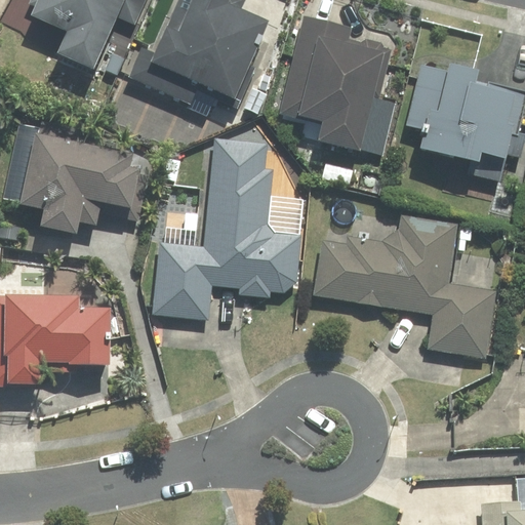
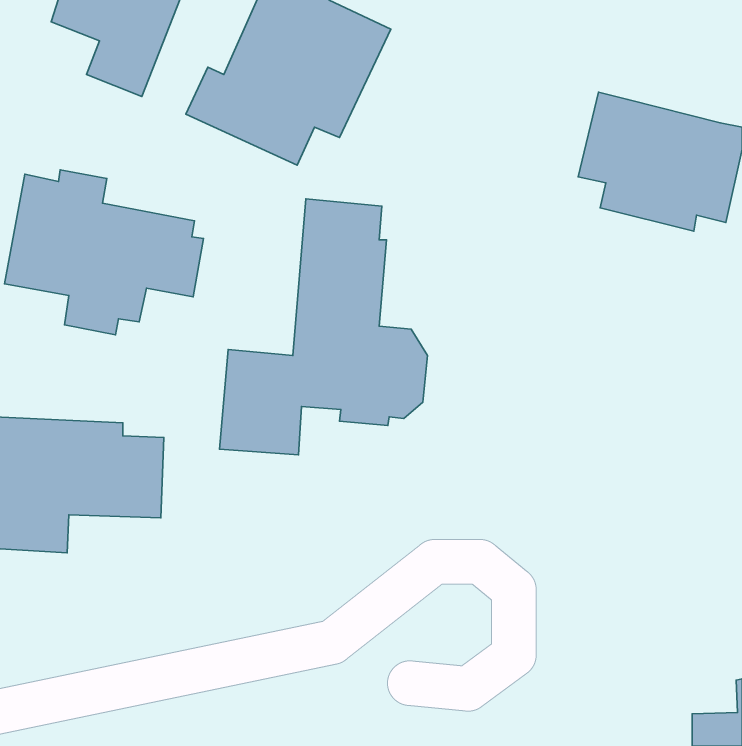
building: [280,14,390,157] -> none
building: [315,213,495,358] -> none

